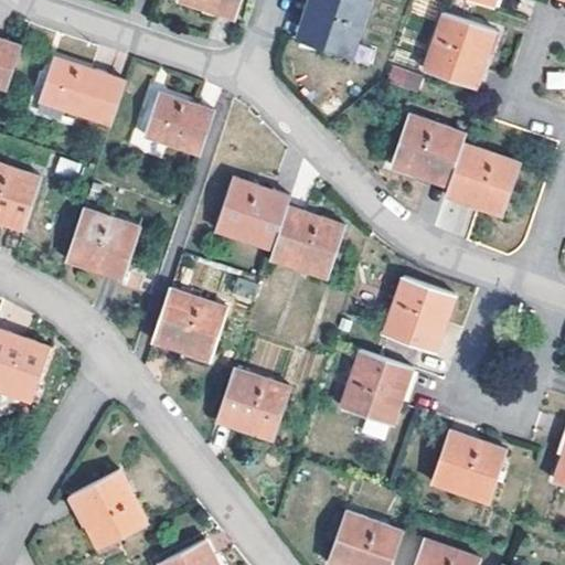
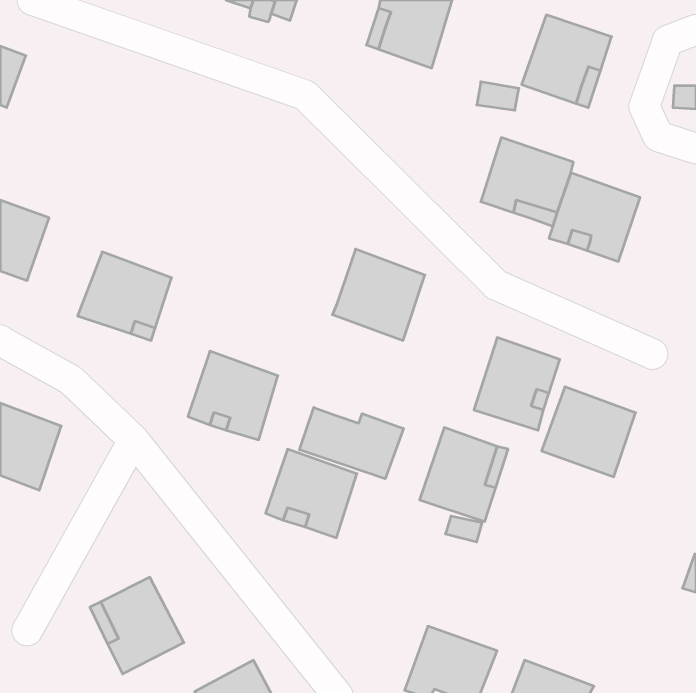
building: [39,57,126,124] -> none
building: [143,94,212,154] -> none
building: [213,177,290,249] -> none
building: none -> [300,407,403,479]
building: [428,426,504,499] -> [542,387,636,477]

